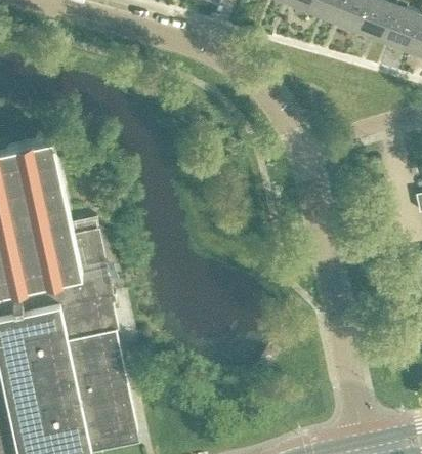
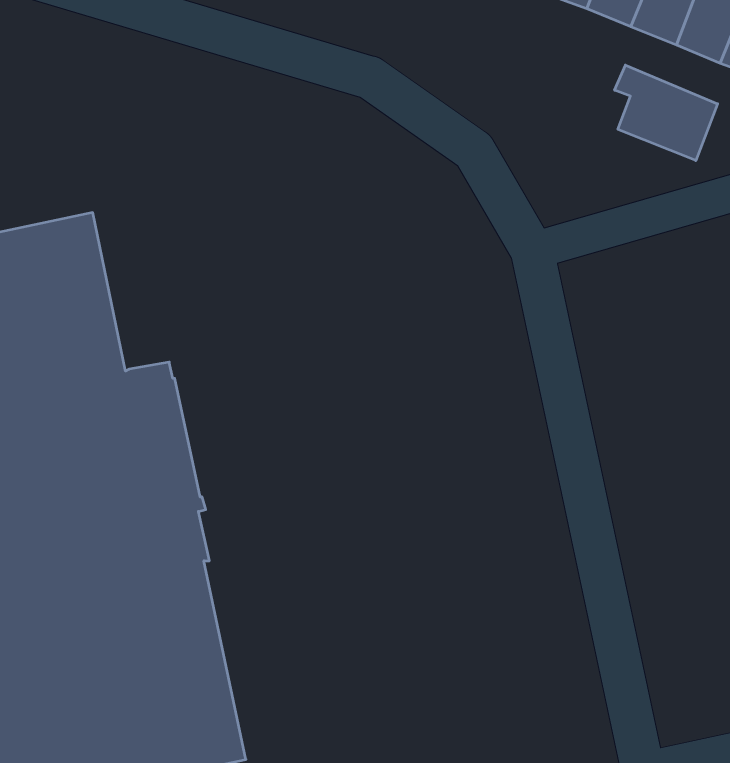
building: none -> [615,65,718,161]

